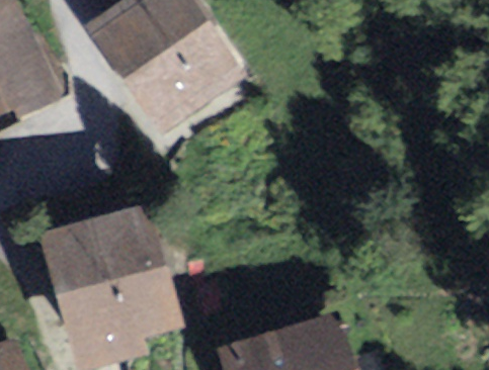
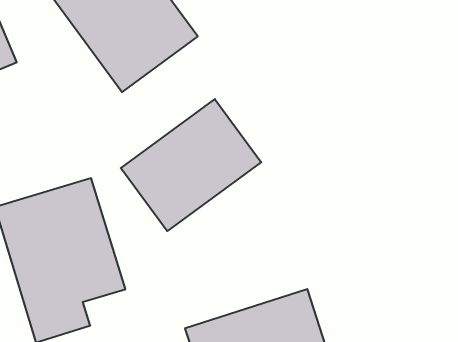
building: none -> [121,99,261,231]

